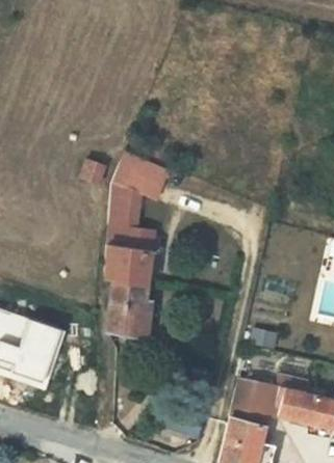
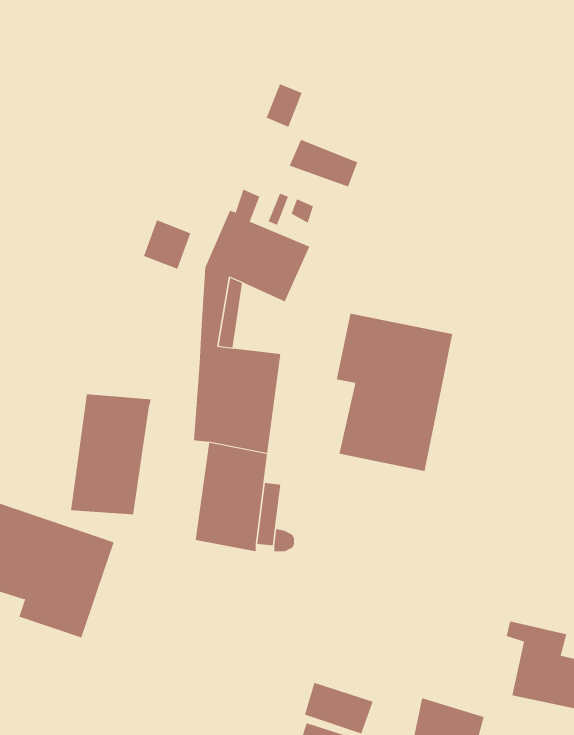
building: none -> [336,313,453,472]
building: none -> [71,394,151,515]
building: [229,377,284,427] -> none

